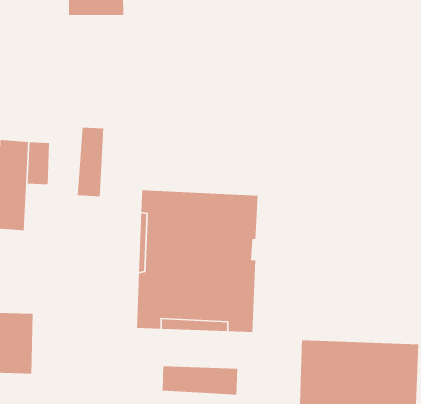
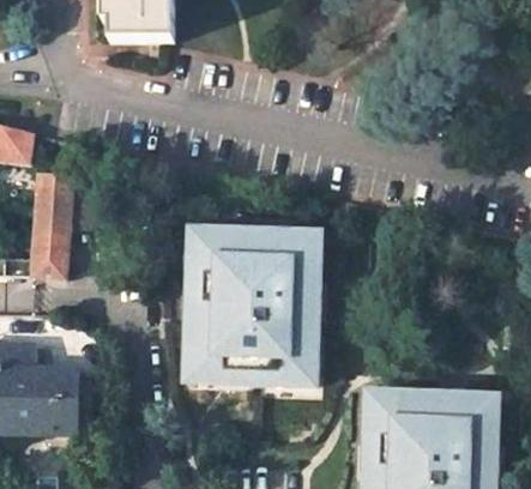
building: [77,127,104,197] -> none
building: [162,366,238,396] -> none

